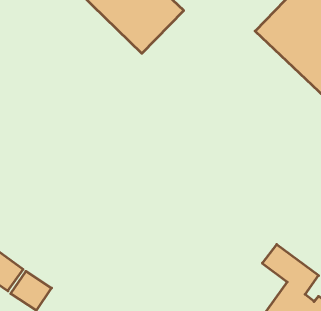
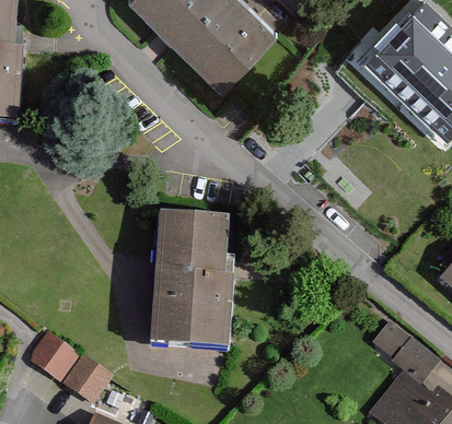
building: none -> [151,213,232,349]

